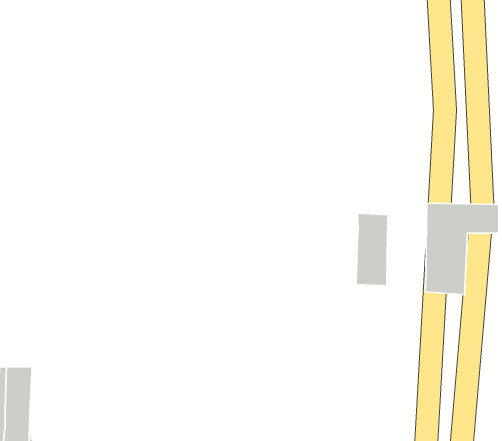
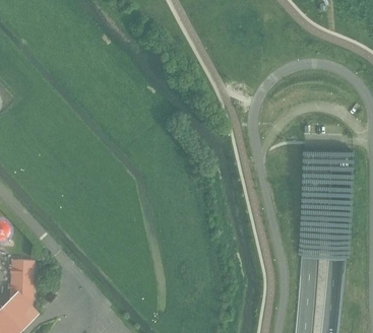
building: [356,213,388,286] -> none

